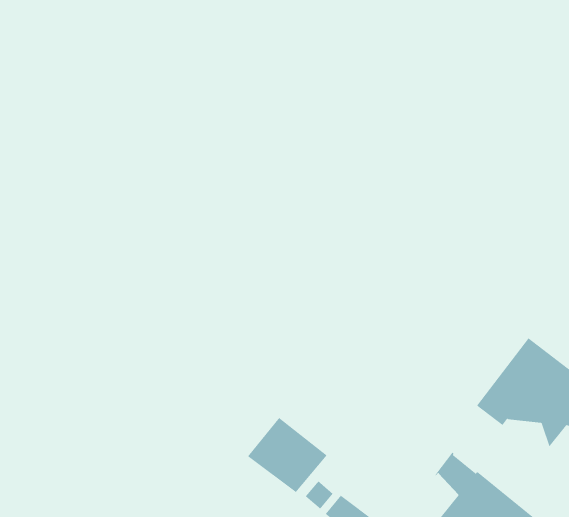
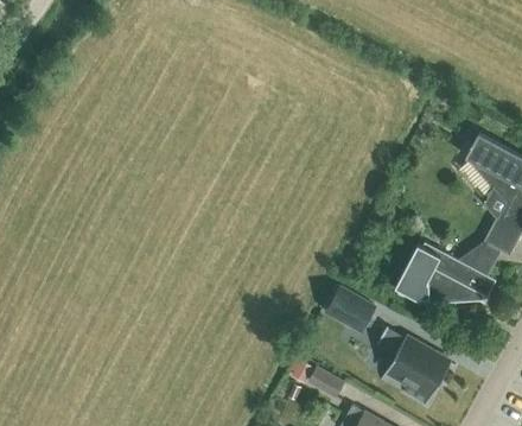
building: [247,417,327,493] -> [324,285,377,333]

